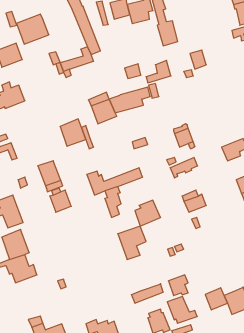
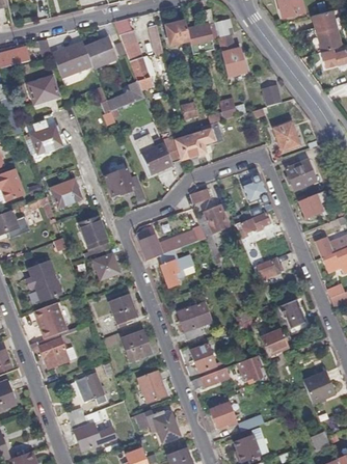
building: none -> [84,37,116,67]
building: none -> [276,122,302,151]
building: none -> [289,161,317,190]
building: none -> [51,180,81,208]
building: [135,200,161,226] -> [199,207,231,238]
building: none -> [108,293,136,323]
building: none -> [278,300,305,329]
building: none -> [121,332,150,362]
building: none -> [137,371,167,403]
building: [205,288,228,310] -> [262,327,289,354]
building: none -> [75,372,105,404]
building: [167,297,197,323] -> [189,344,225,376]

